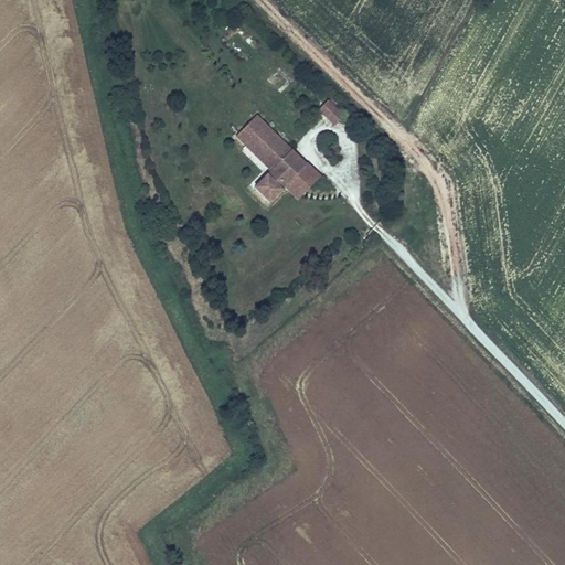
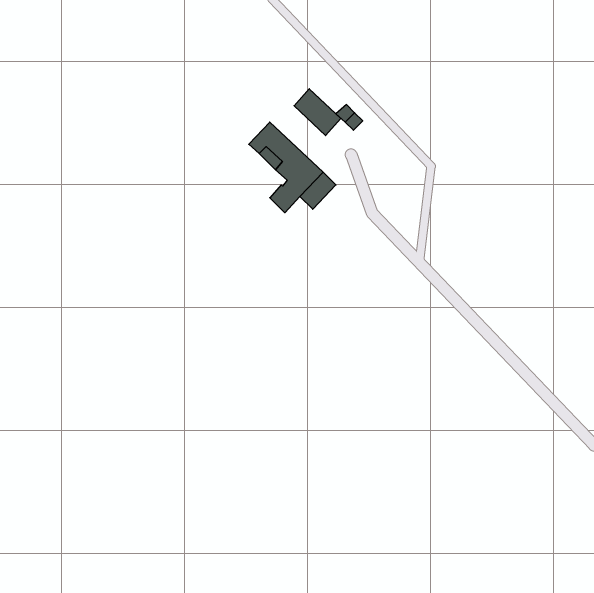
building: none -> [294,89,341,136]

